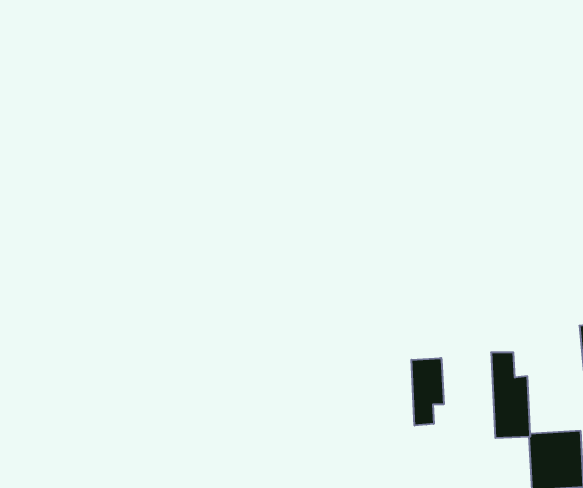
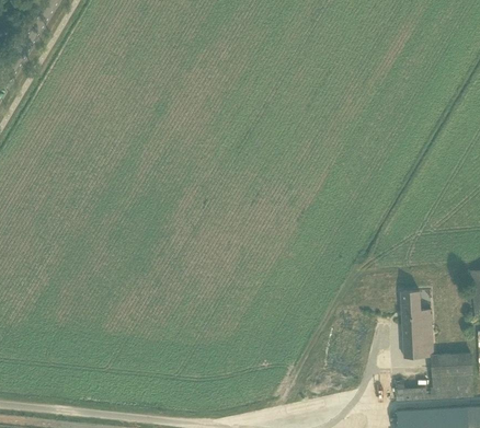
building: [411,358,444,426] -> none

